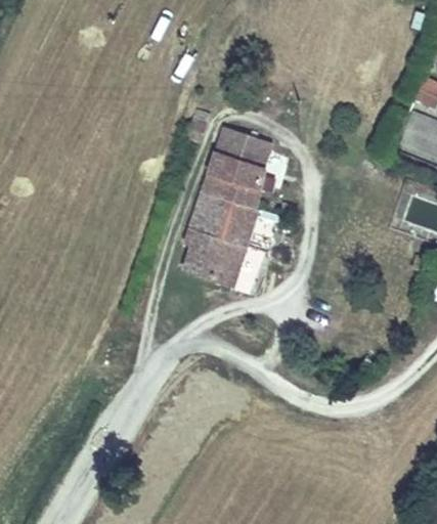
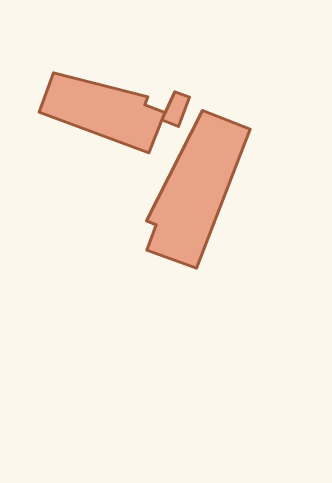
building: none -> [39,73,165,153]

